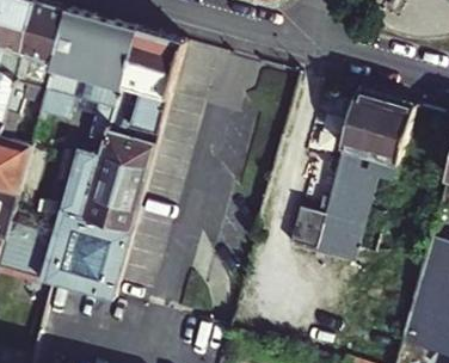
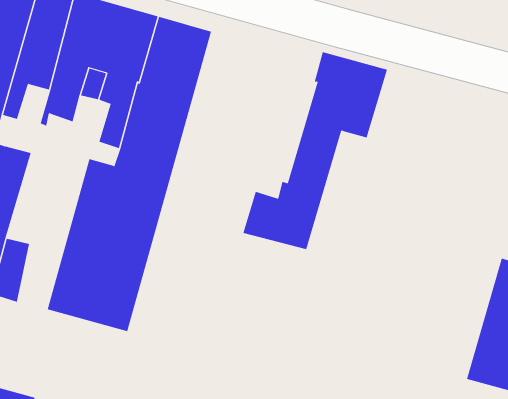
building: [289,93,413,263] -> [243,51,388,250]

